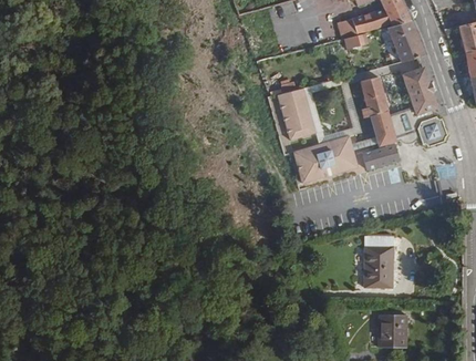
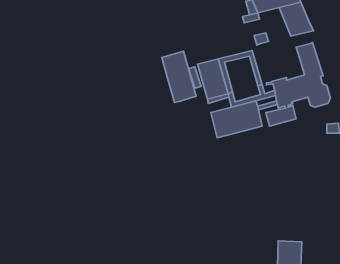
building: [363,78,389,116] -> none
building: none -> [162,51,196,102]
building: [364,235,394,286] -> none

